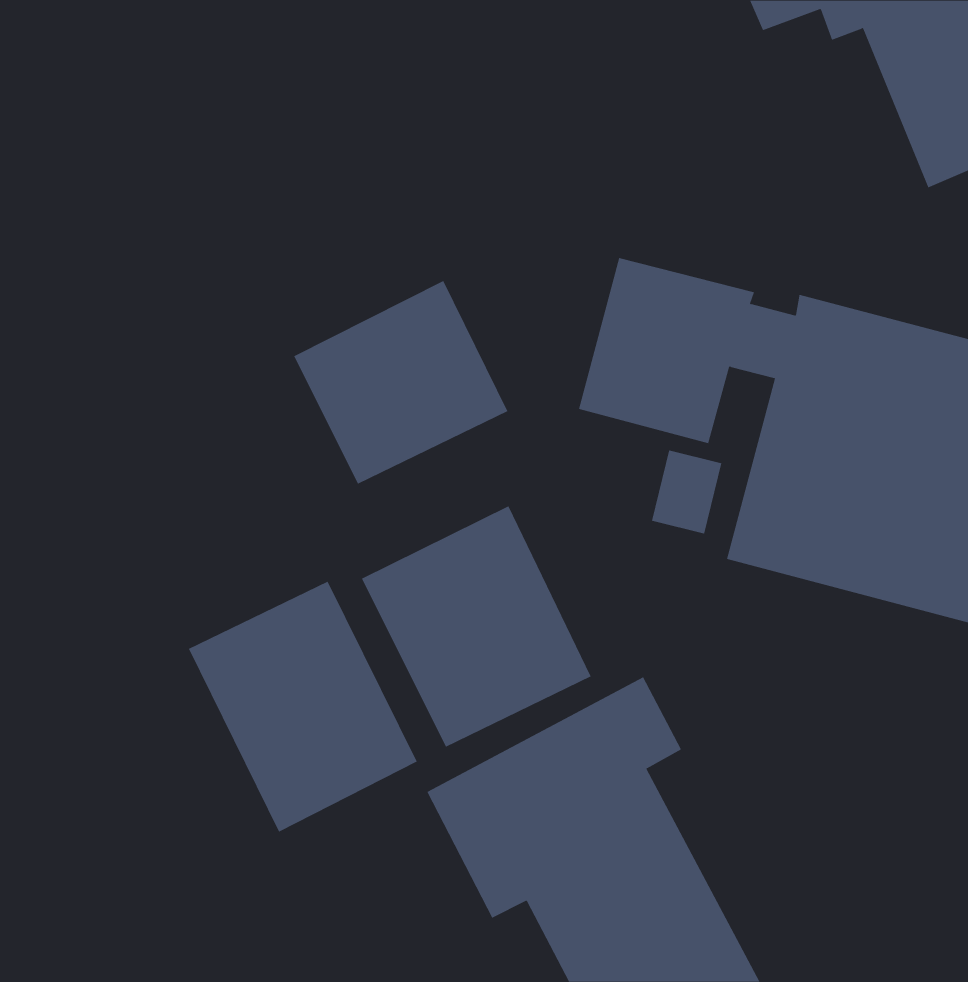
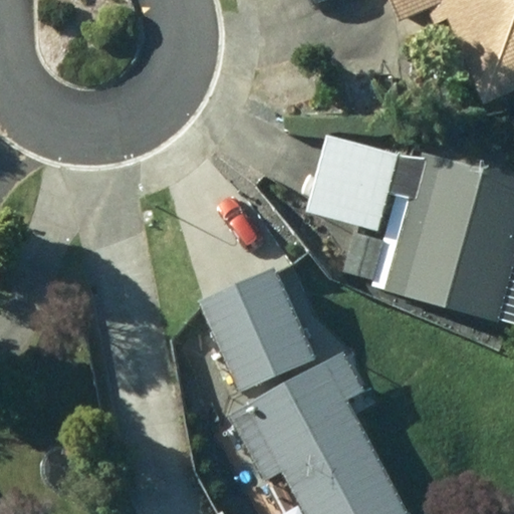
building: [293,280,508,485] -> none
building: [188,581,418,832] -> none

